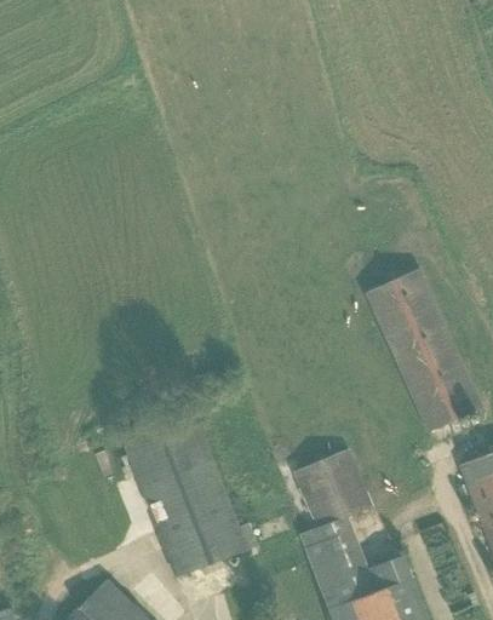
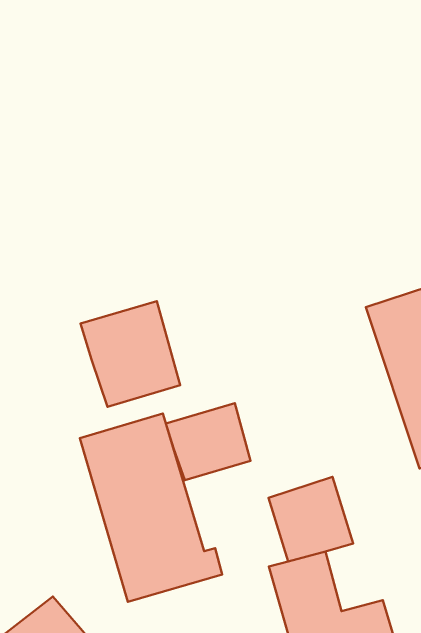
building: none -> [81,301,180,407]
building: none -> [166,403,251,480]

